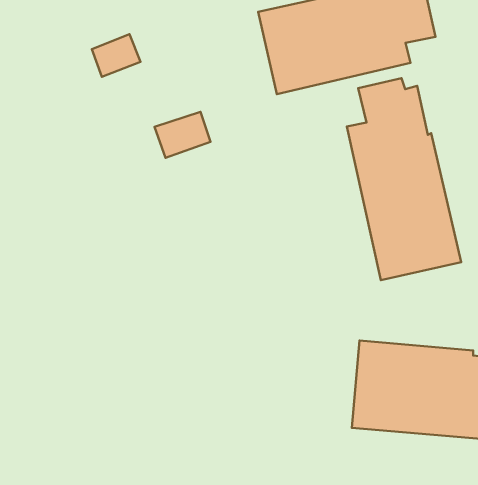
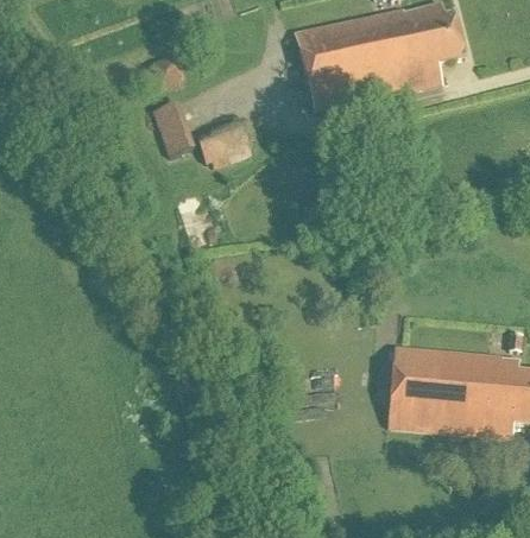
building: [347,78,461,280] -> none
building: none -> [153,101,196,157]

